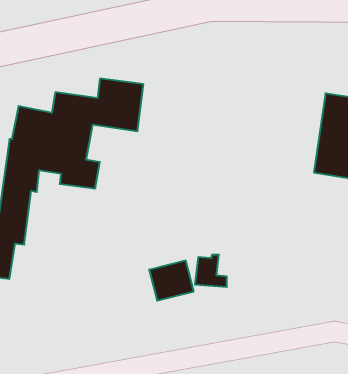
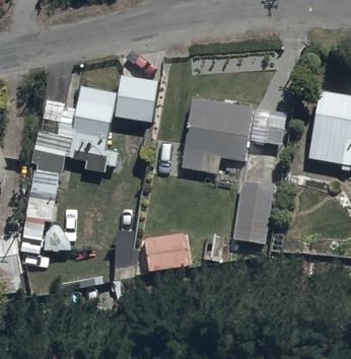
building: none -> [181,97,253,174]
building: none -> [233,181,273,243]

